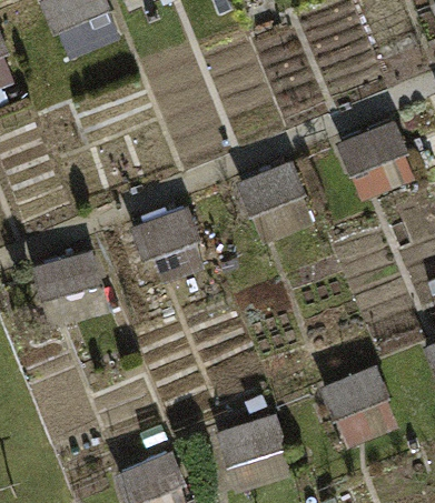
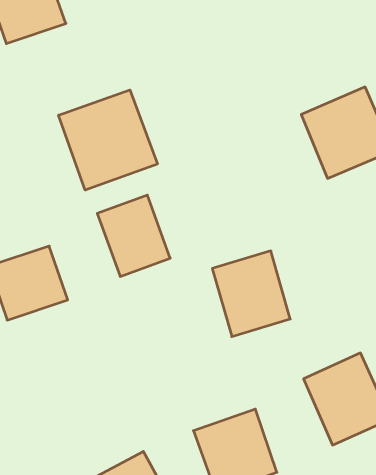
building: none -> [59,90,157,190]
building: [243,164,313,242] -> [212,251,290,337]

